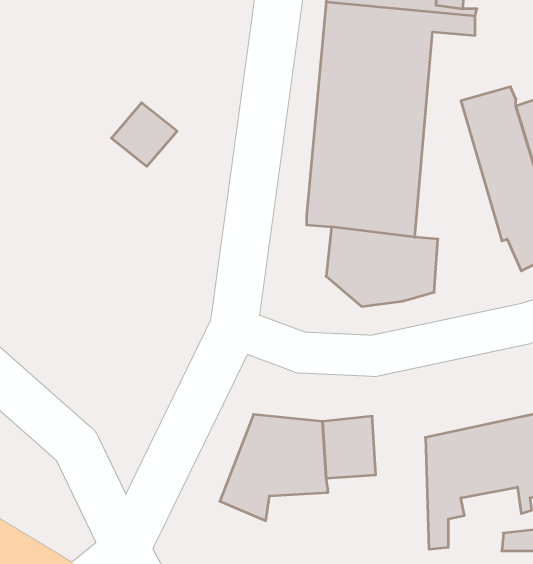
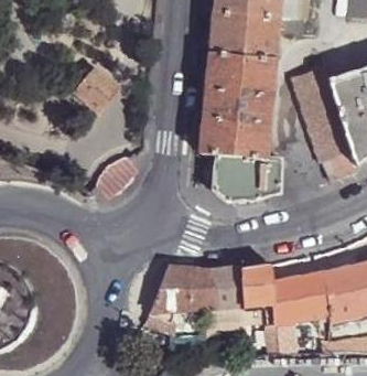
building: none -> [240,265,276,352]

